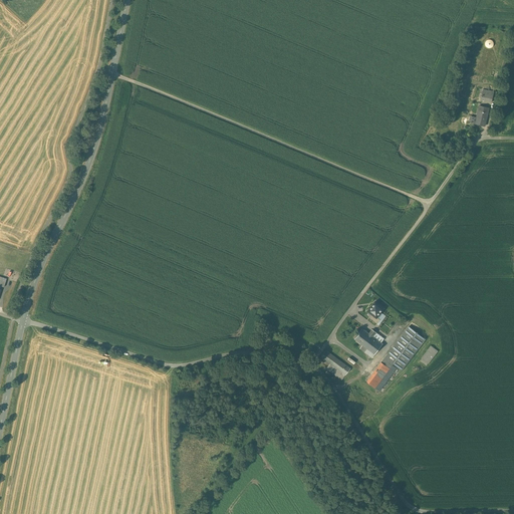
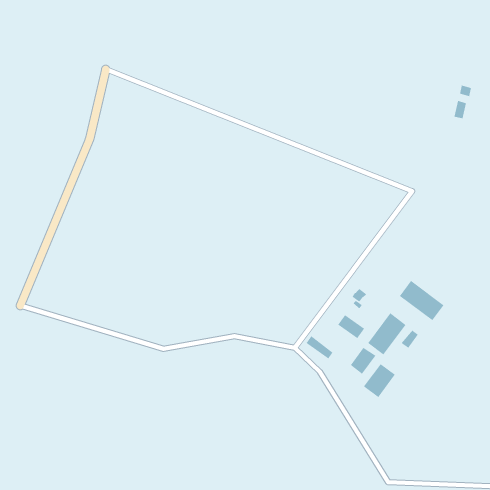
building: none -> [399,280,445,321]
building: none -> [363,363,396,398]

